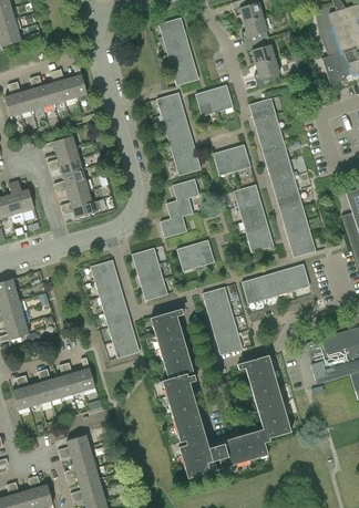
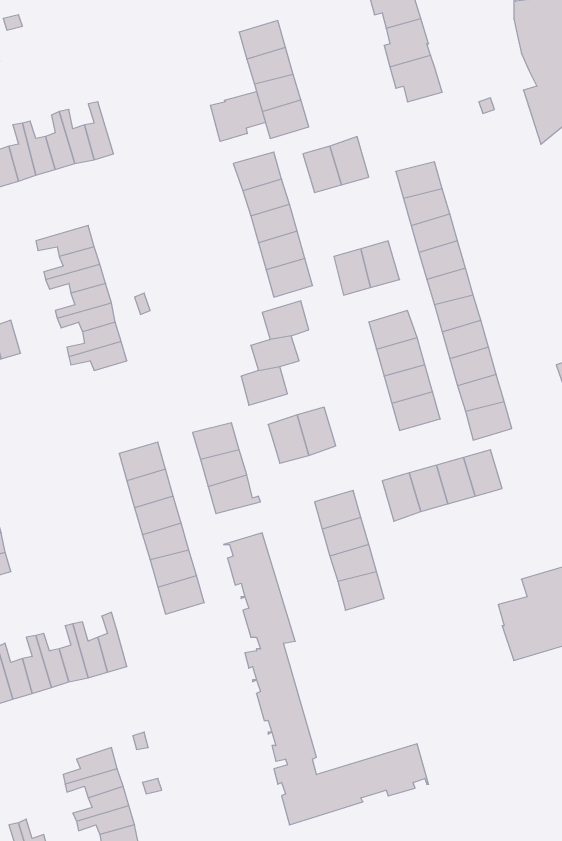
building: none -> [210,92,265,141]
building: [254,59,280,86] -> none
building: [246,355,290,438] -> none

